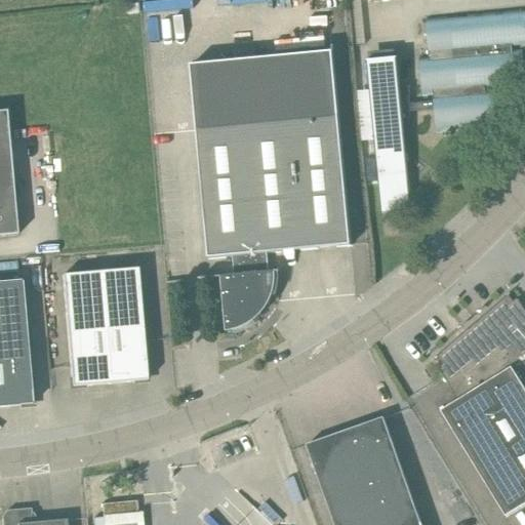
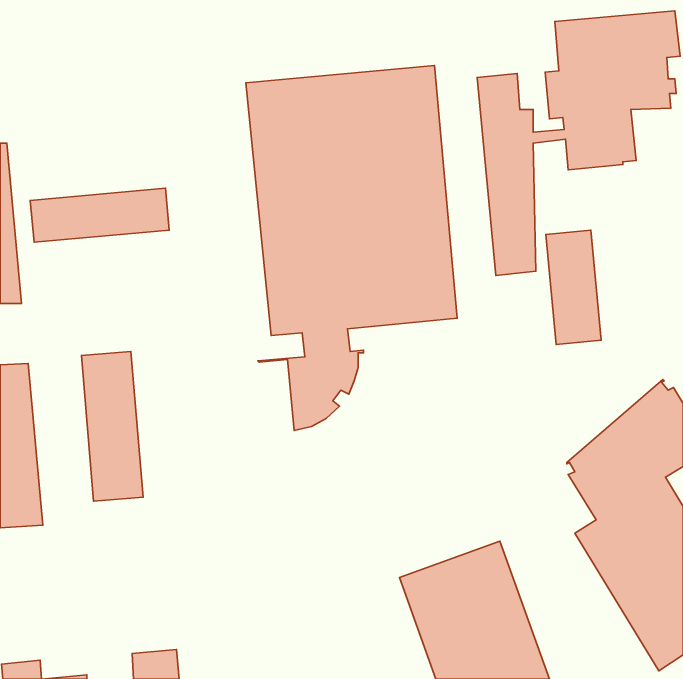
building: none -> [30,188,169,242]
building: none -> [546,230,601,345]
building: [100,266,148,381] -> none

